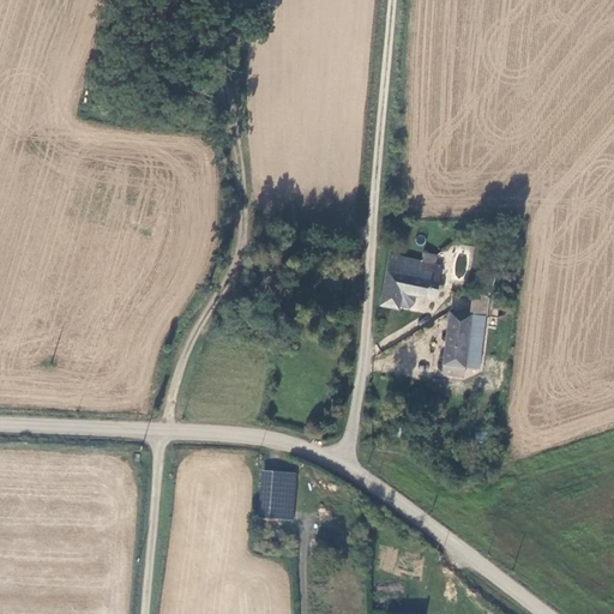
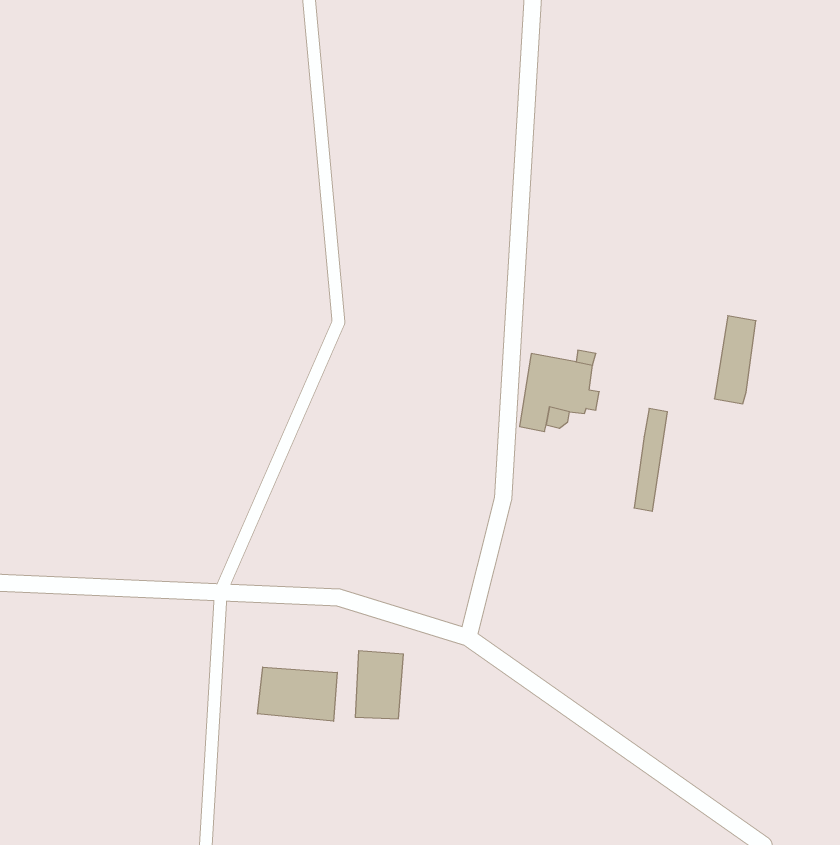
building: [441,312,471,375] -> [714,316,756,404]
building: none -> [258,667,337,721]

